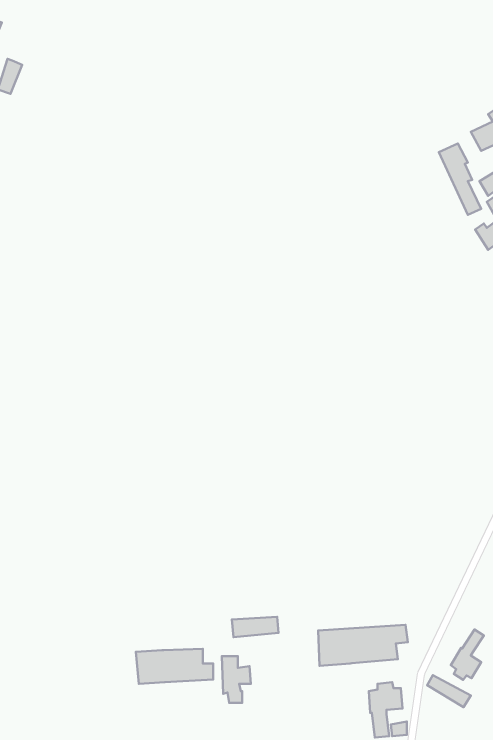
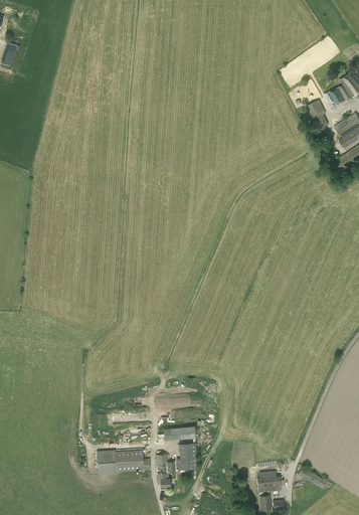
building: [318,625,408,666] -> none
building: [451,629,484,680] -> none
building: none -> [176,443,198,470]

